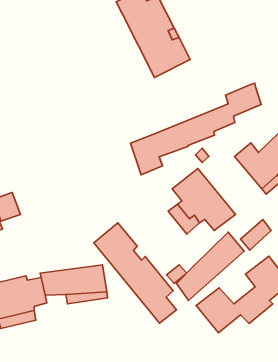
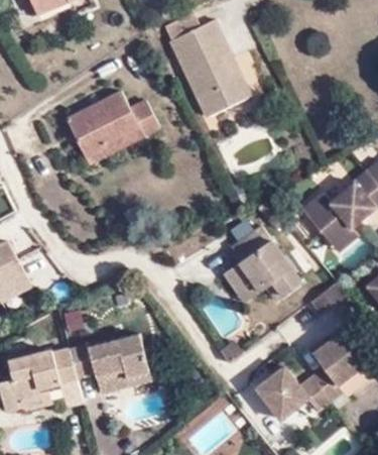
building: none -> [68,91,161,157]
building: [131,83,261,175] -> none
building: [94,223,177,323] -> none
building: [177,232,244,300] -> none

